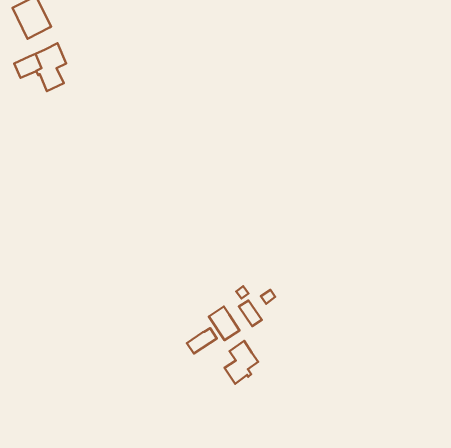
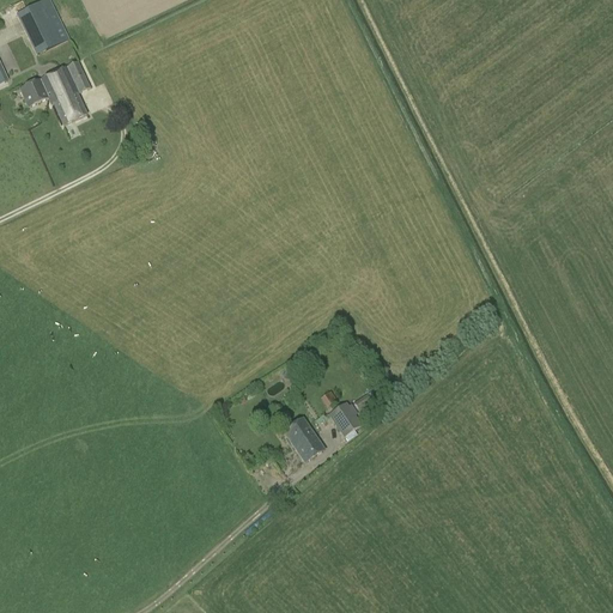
building: [187,328,217,353] -> none
building: [225,341,258,384] -> none

